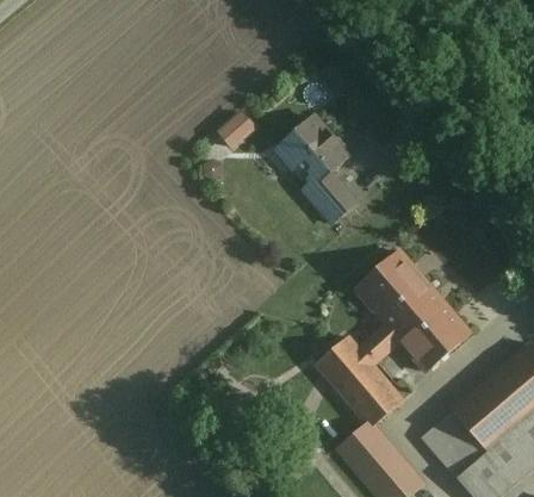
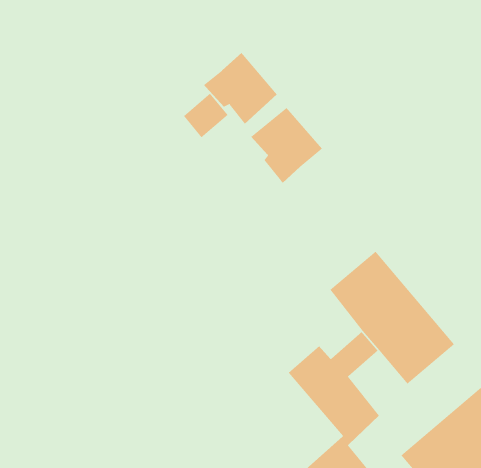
building: none -> [203,52,278,124]
building: [303,172,355,223] -> none

